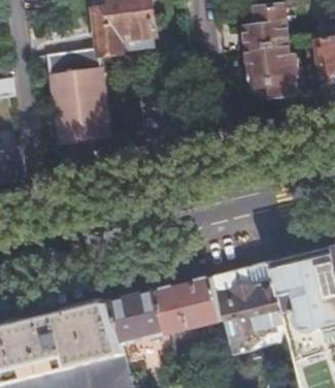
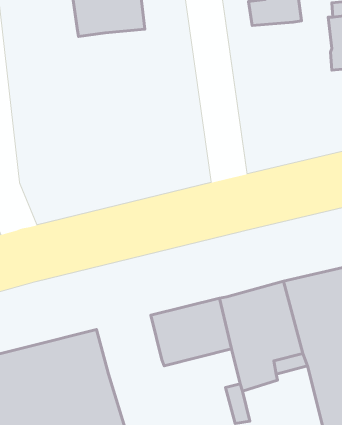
building: [244,39,293,109] -> none
building: [43,44,108,138] -> none
building: [111,290,167,341] -> none

